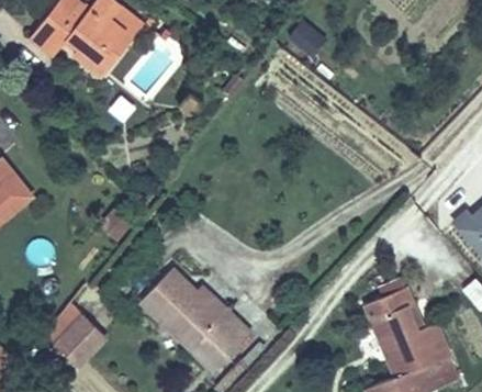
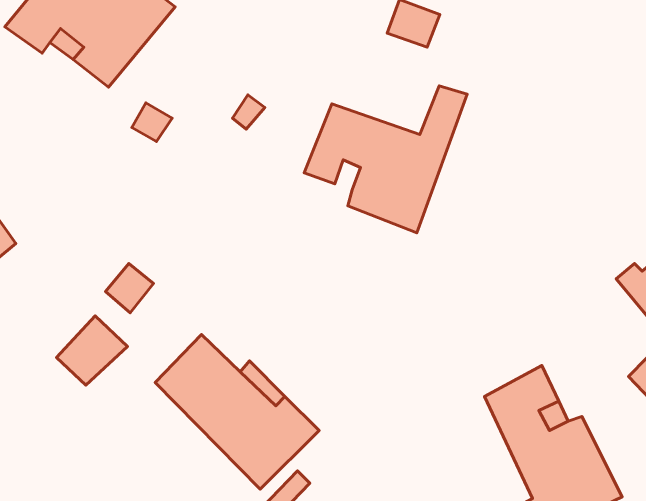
building: none -> [304,86,467,233]
building: [54,317,104,367] -> [56,316,128,385]

